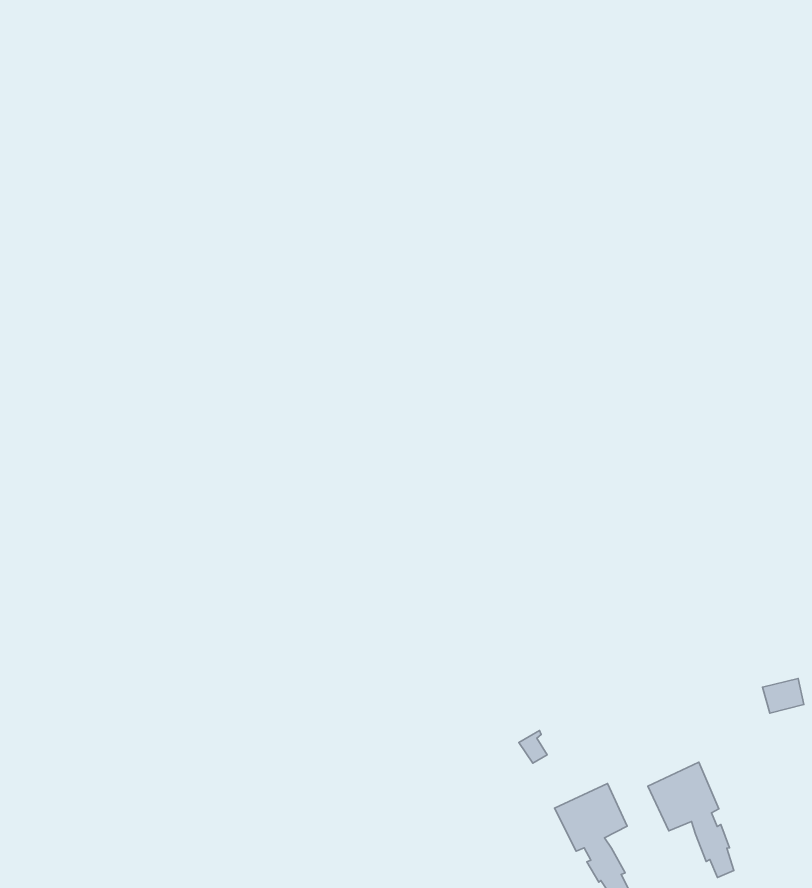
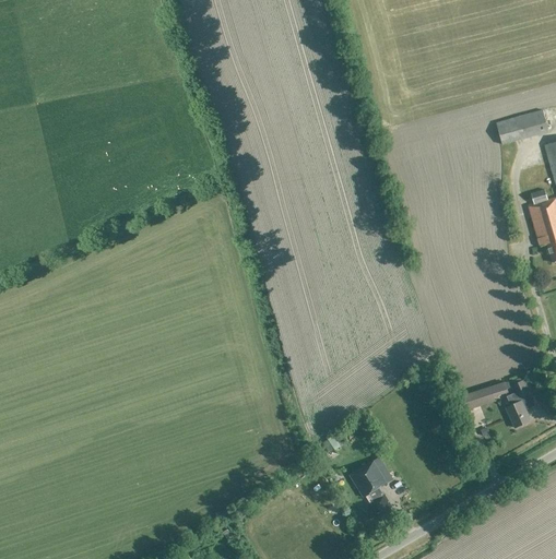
building: [648,762,734,877] -> none

